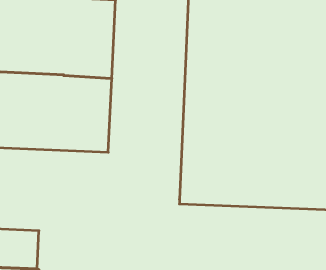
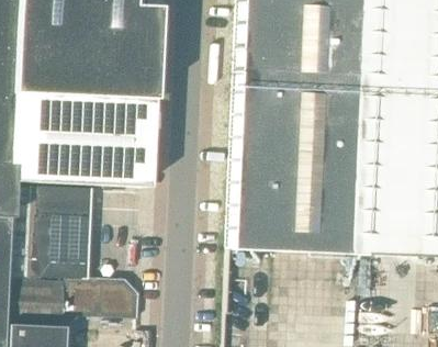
building: none -> [30,186,143,318]

